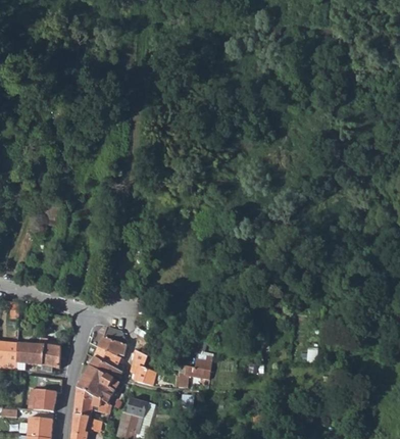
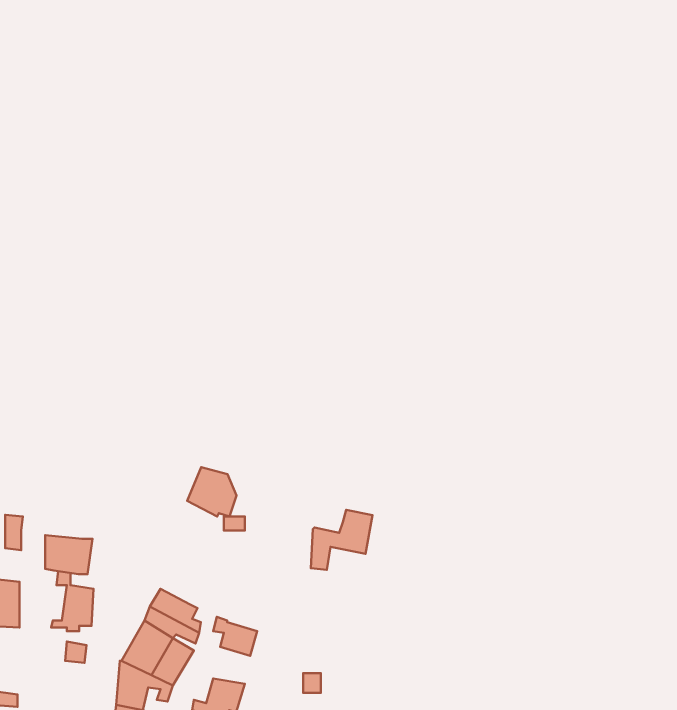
building: [99,327,128,355] -> [187,467,236,517]
building: [17,342,45,364] -> [45,535,93,574]
building: [178,354,213,389] -> [311,510,373,570]
building: [28,388,55,410] -> none

